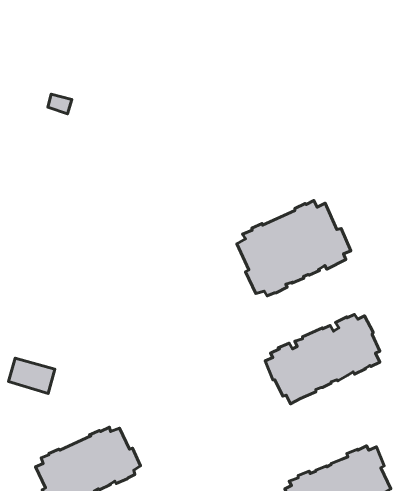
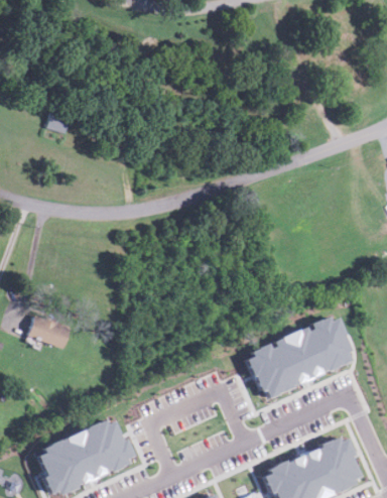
building: [237,201,351,296] -> none
building: [9,358,55,394] -> [28,317,71,349]

